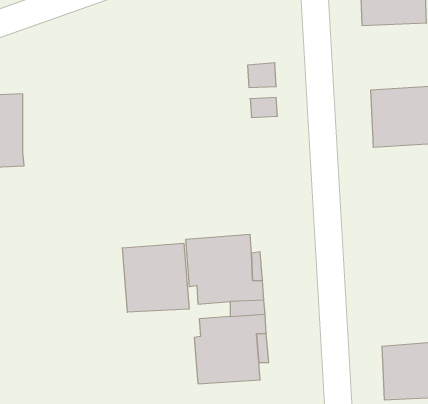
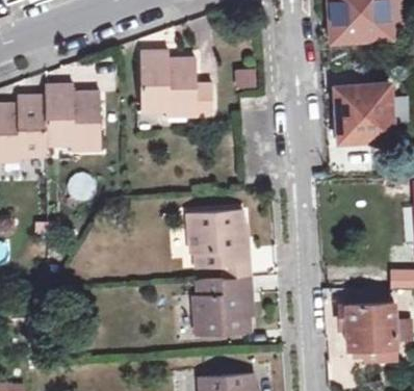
building: none -> [140,51,212,115]
building: none -> [46,81,105,148]
building: [122,243,189,312] -> none

